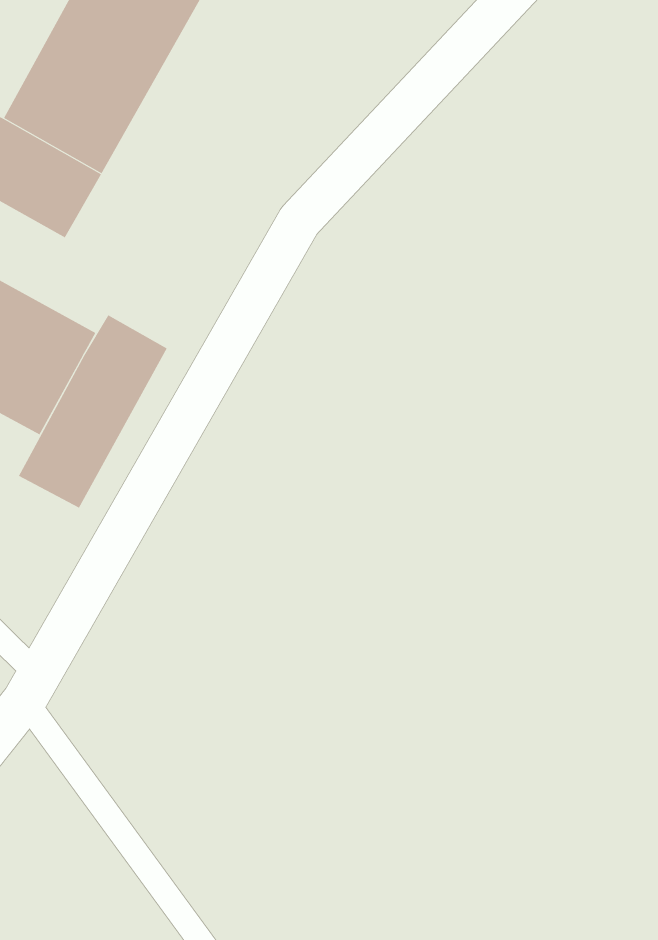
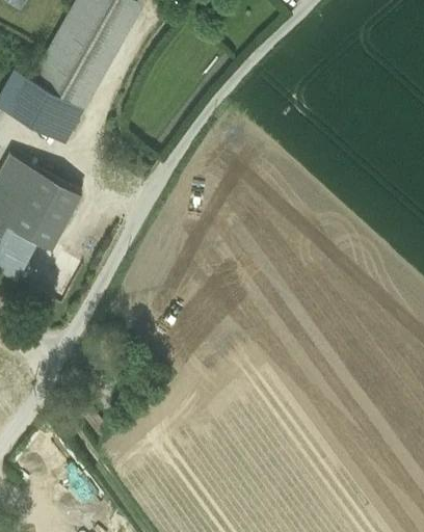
building: [18,314,167,508] -> none

